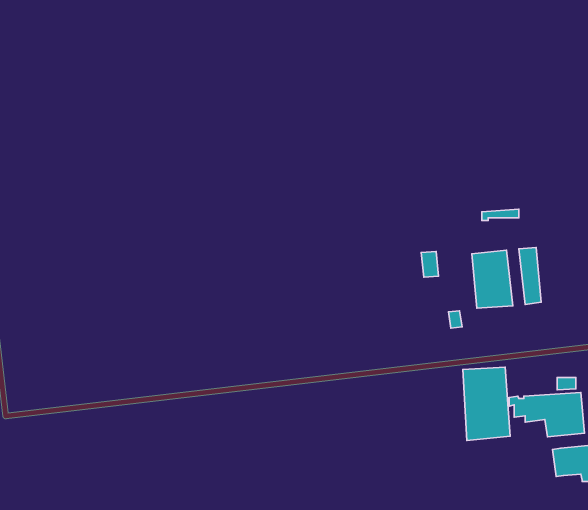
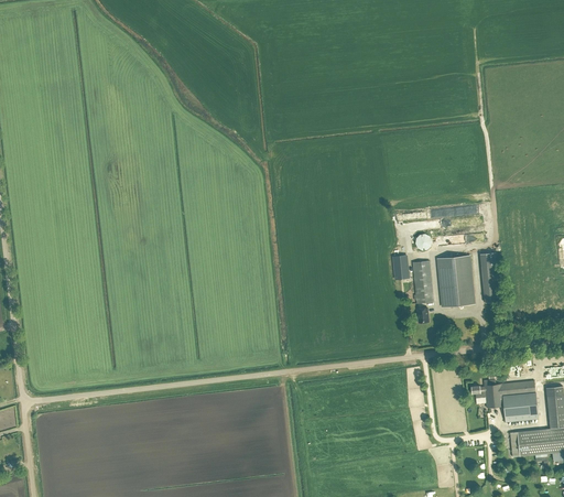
building: none -> [413,261,434,303]
building: [463,367,510,441] -> none

